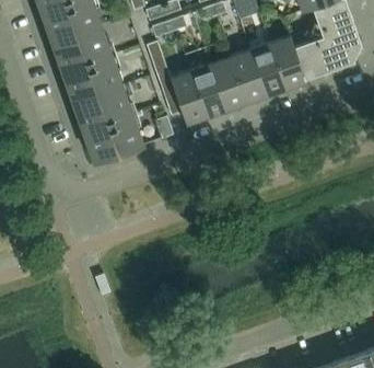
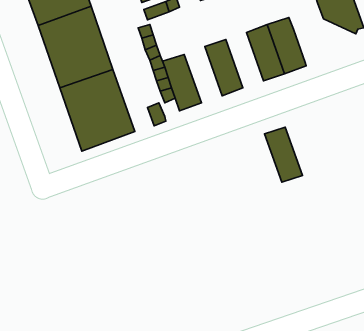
building: [295,37,354,79] -> none
building: [231,50,267,103] -> [264,127,302,182]
building: [191,64,227,117] -> none

